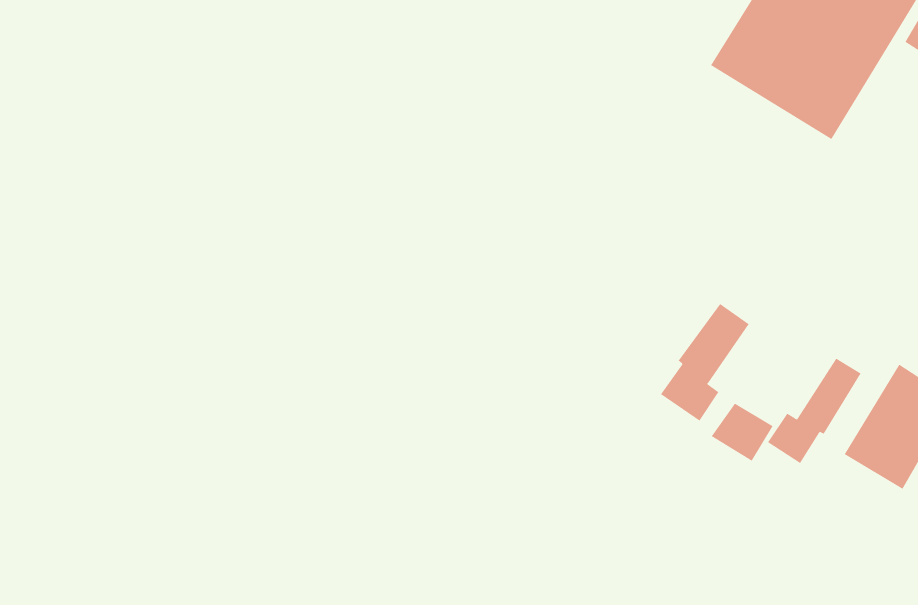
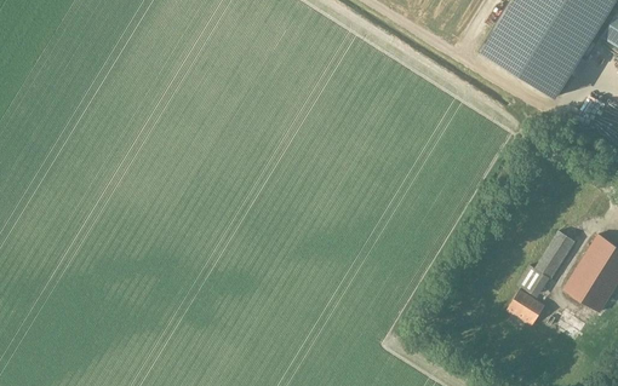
building: [660,303,750,421] -> none
building: [711,403,774,462] -> [505,290,544,327]

